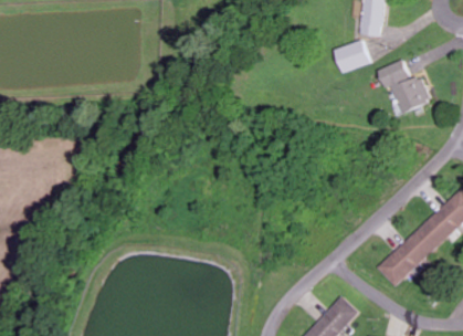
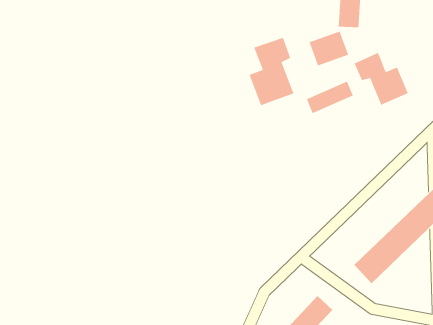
building: none -> [249,37,295,106]
building: none -> [306,81,354,114]

